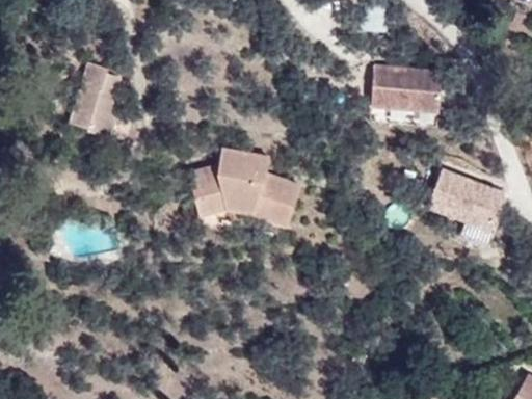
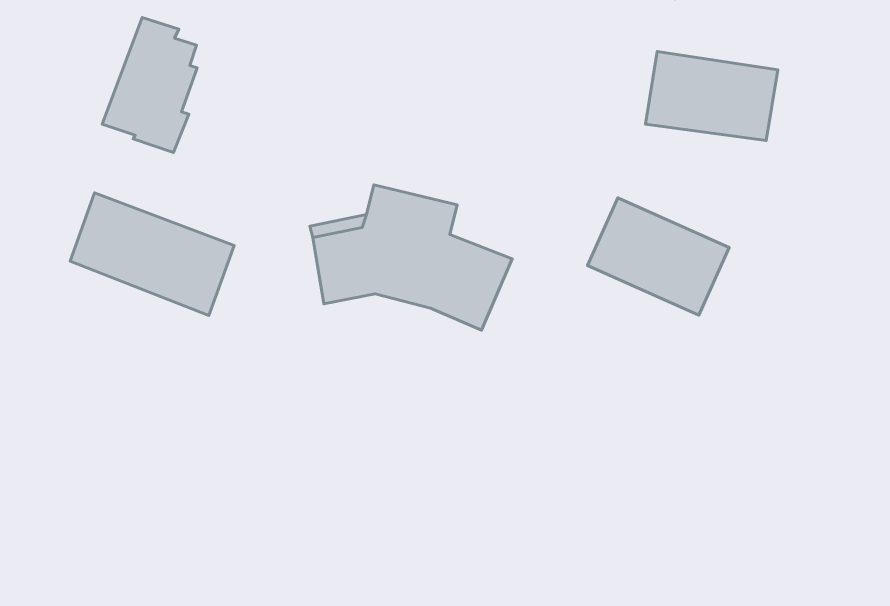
building: none -> [70,193,234,316]
building: [427,167,505,230] -> [588,198,729,315]

